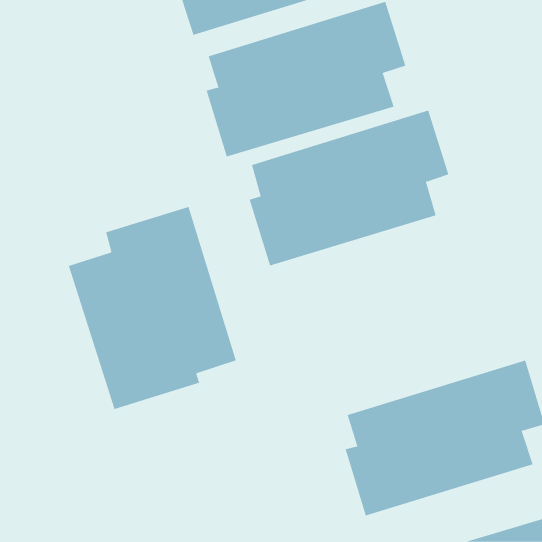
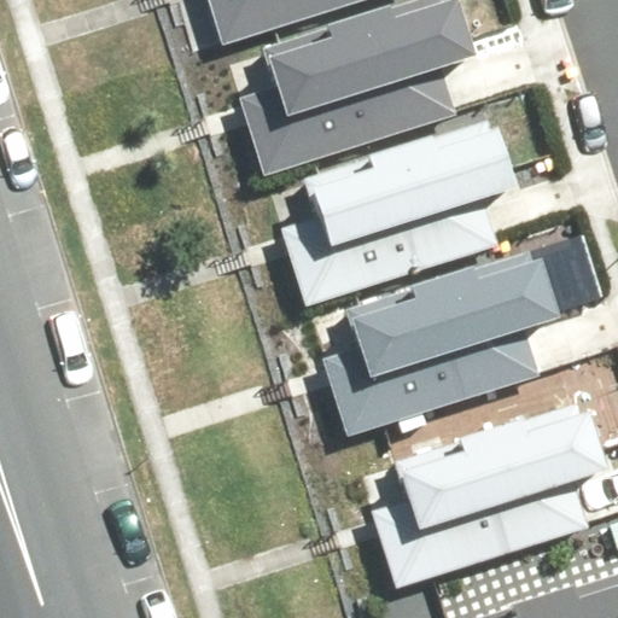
building: [68,206,237,410] -> none
building: none -> [326,253,550,428]

